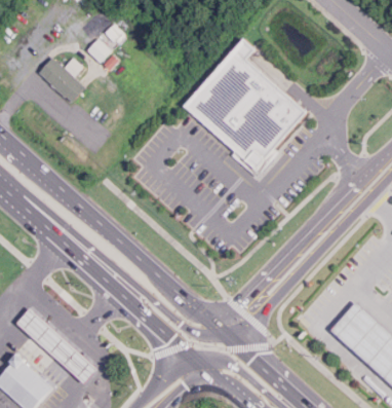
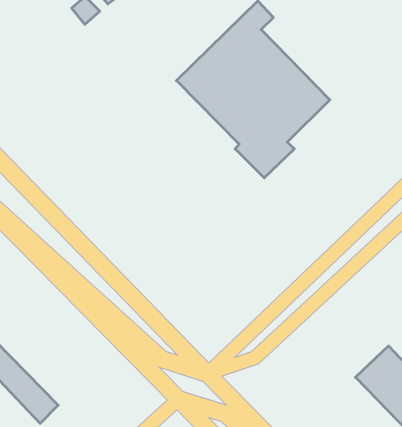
building: [38,59,85,104] -> none

